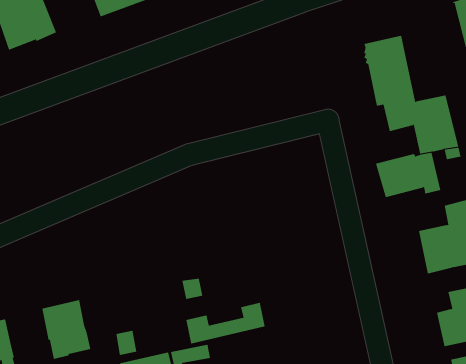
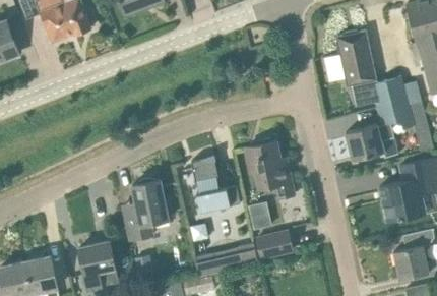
building: none -> [246,138,293,198]
building: none -> [190,157,240,212]
building: none -> [121,178,171,240]
building: none -> [245,200,267,228]
building: none -> [256,231,292,257]

